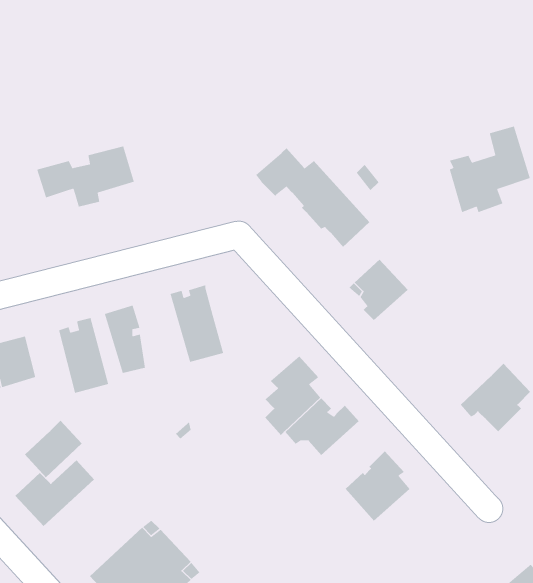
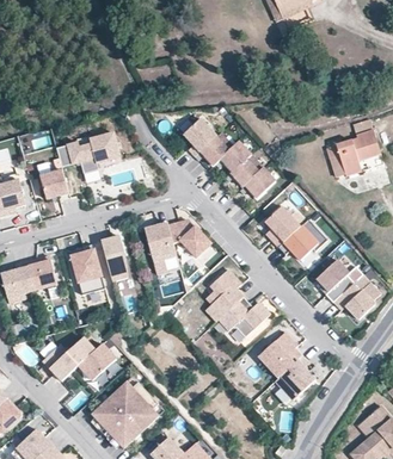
building: none -> [183,118,216,156]
building: none -> [41,169,68,198]
building: none -> [277,218,327,259]
building: none -> [167,219,213,260]
building: none -> [315,259,354,302]
building: [24,420,82,478] -> [78,342,116,380]
building: none -> [275,355,315,399]

